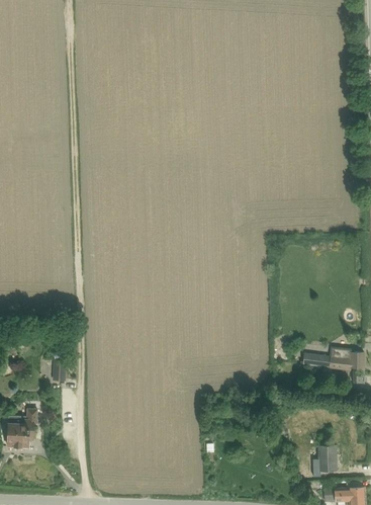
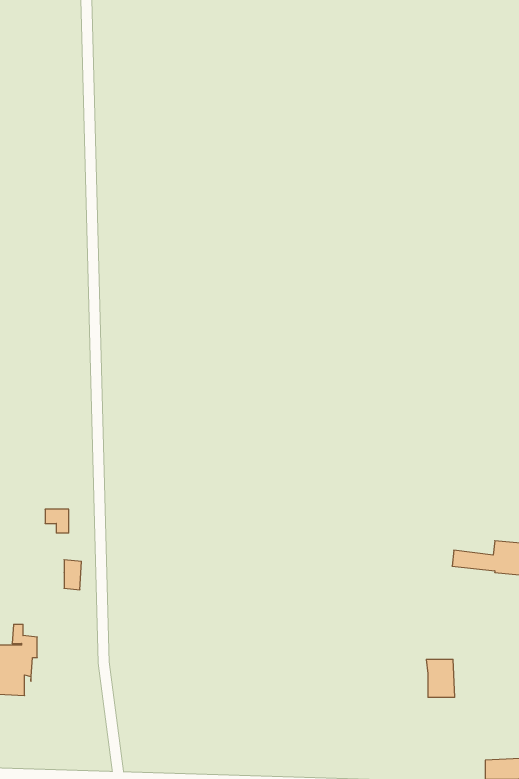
building: [317,446,336,471] -> [426,659,455,697]

